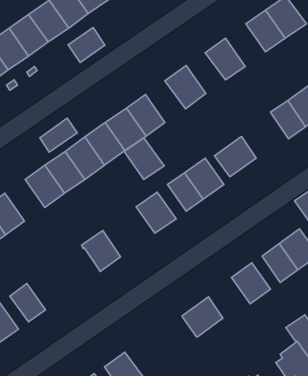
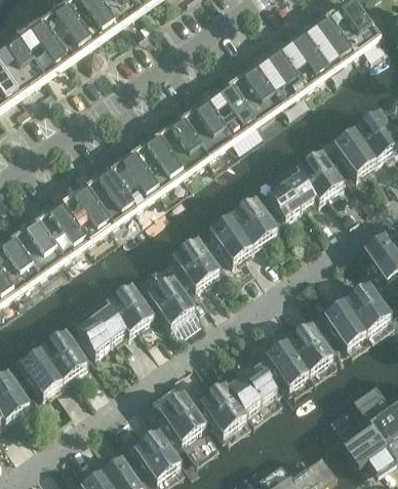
building: none -> [279,33,327,84]
building: [68,28,105,63] -> none
building: none -> [232,68,279,117]
building: [40,118,77,152] -> none
building: none -> [295,149,344,198]
building: [124,138,164,180] -> [183,101,231,152]
building: none -> [13,220,62,271]
building: none -> [147,274,201,334]
building: none -> [76,302,126,351]
building: none -> [40,328,87,377]
building: none -> [266,338,309,384]
building: none -> [151,378,205,439]
building: none -> [199,381,247,431]

